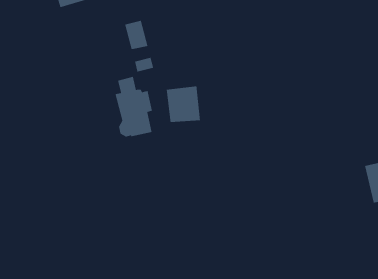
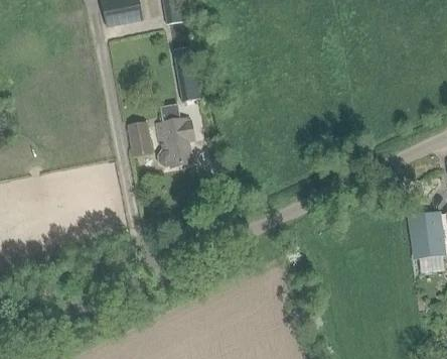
building: [166,85,201,123] -> none
building: none -> [128,119,151,153]

